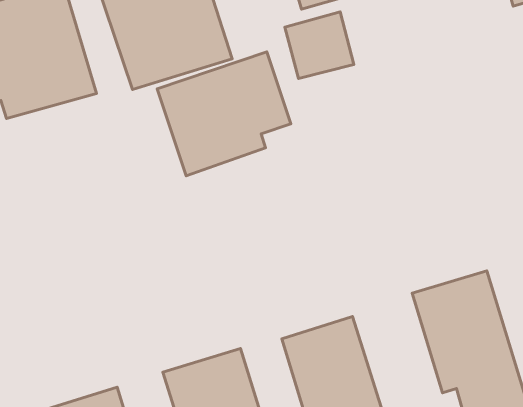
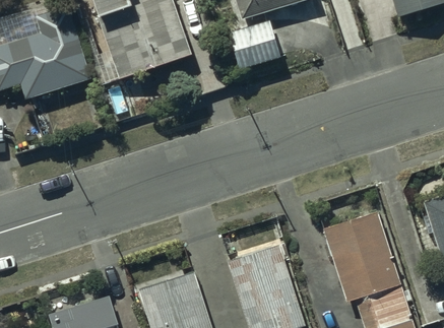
building: [157,52,291,176] -> none

